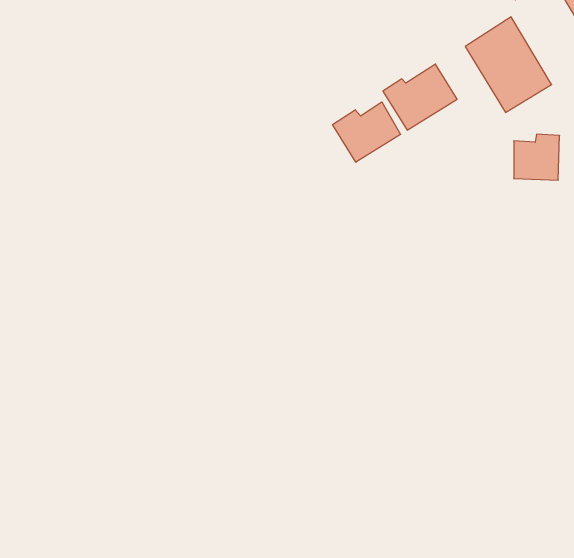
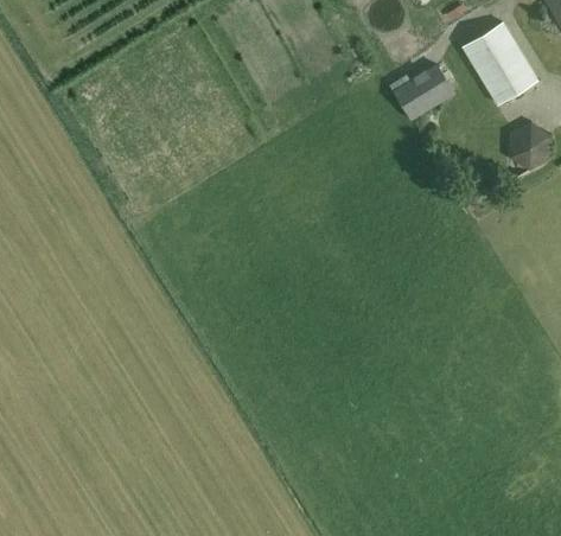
building: [333,102,401,162] -> none

